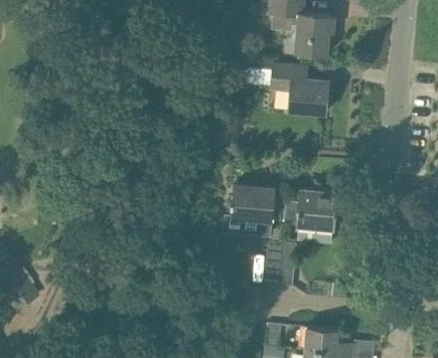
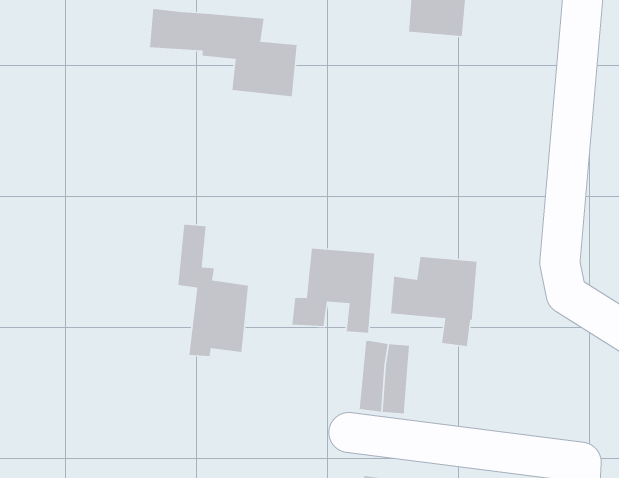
building: [238,60,328,115] -> [149,8,297,97]
building: none -> [178,224,249,357]

